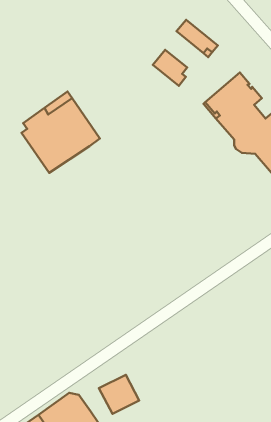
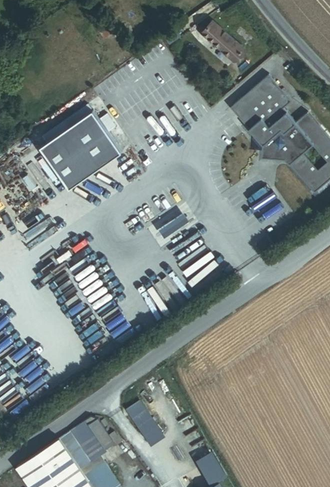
building: [153,50,187,86] -> none

